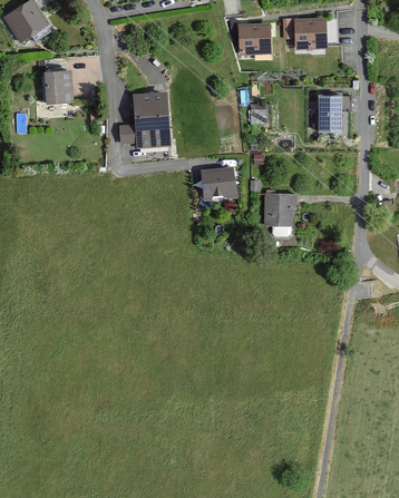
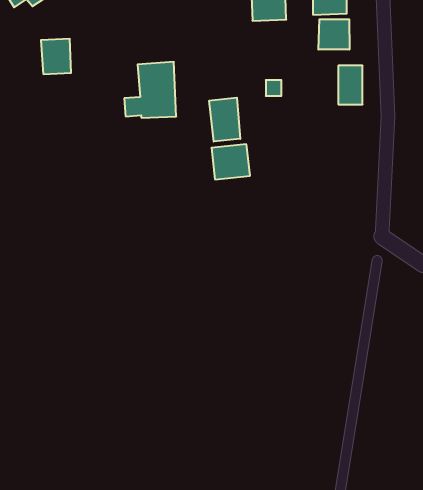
building: none -> [318,19,349,50]
building: none -> [209,98,240,142]
building: [264,195,295,226] -> none

